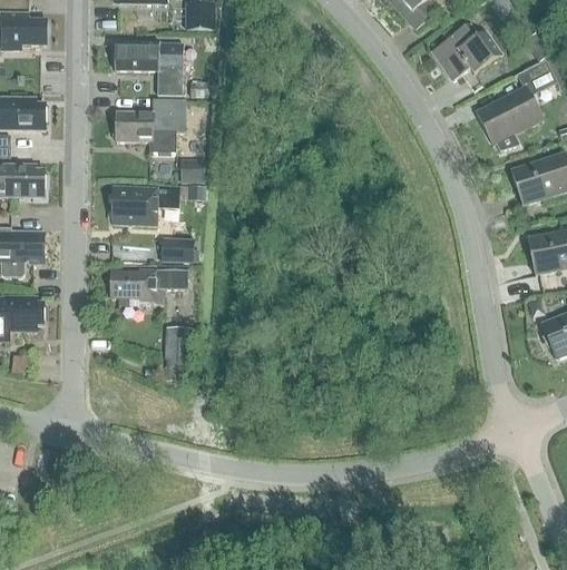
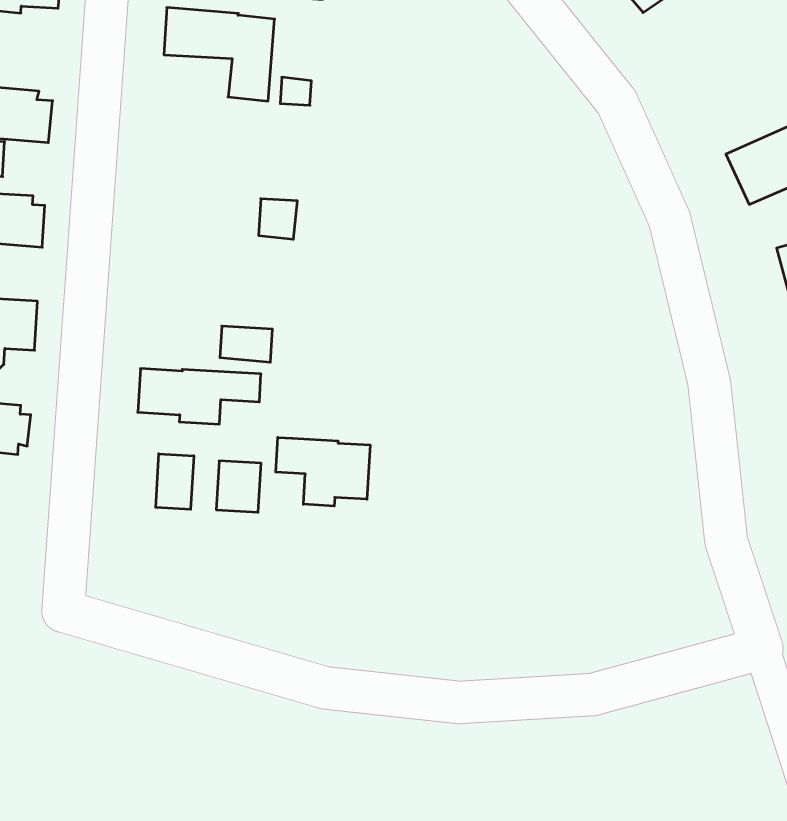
building: [430,22,501,80] -> none
building: [113,99,185,153] -> none
building: [110,186,178,224] -> none
building: none -> [276,437,370,506]
building: none -> [156,454,194,509]

